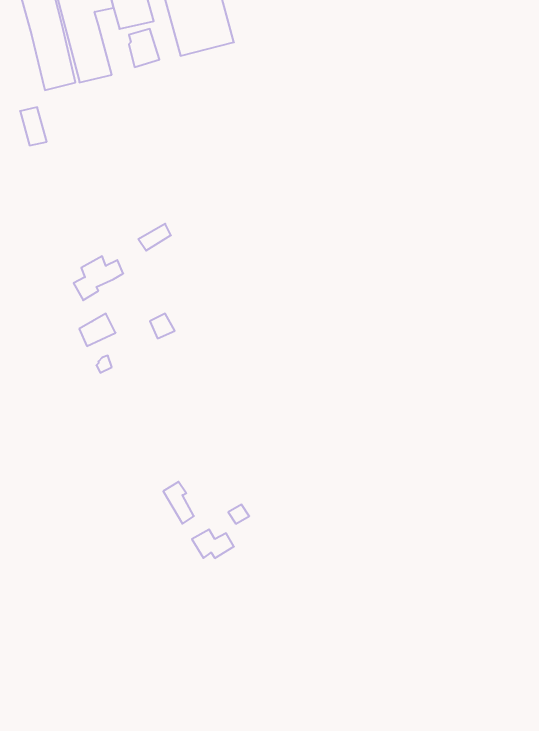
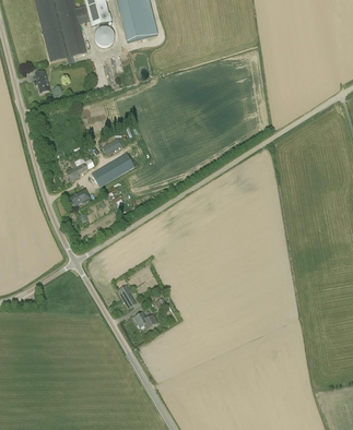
building: none -> [89,152,134,188]

